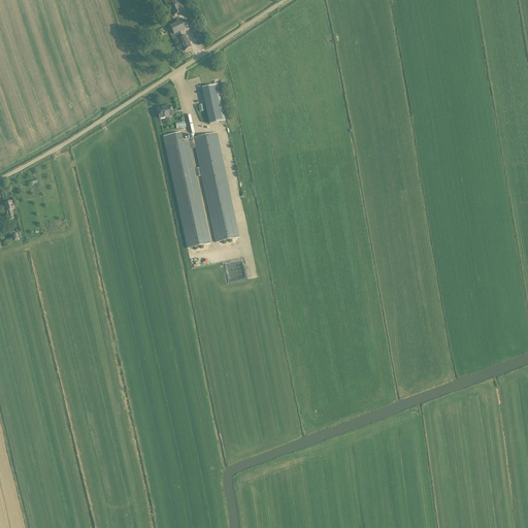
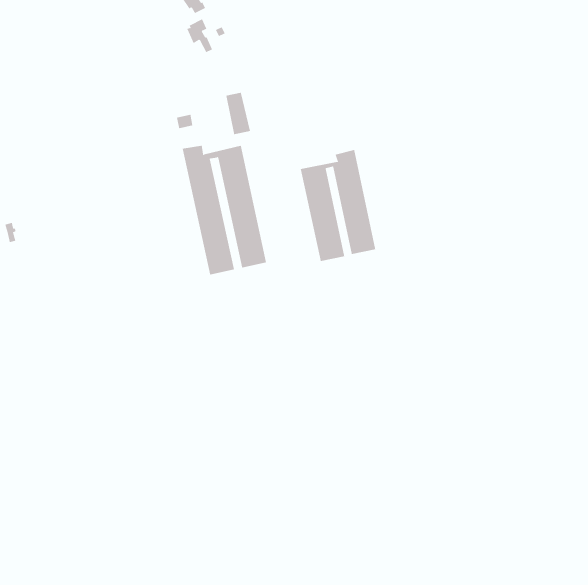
building: none -> [300,149,376,262]

